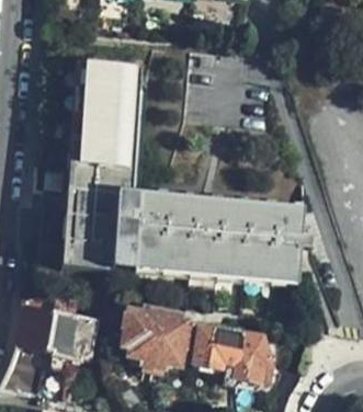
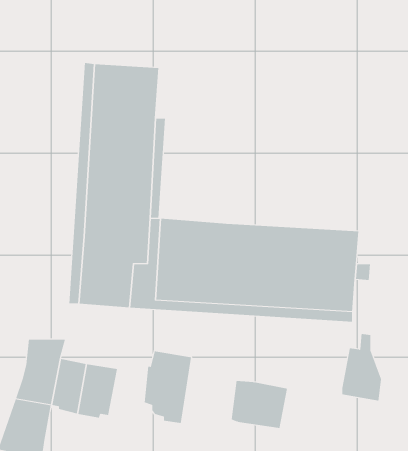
building: [157,308,200,366] -> none
building: [240,322,274,379] -> [341,334,382,401]

